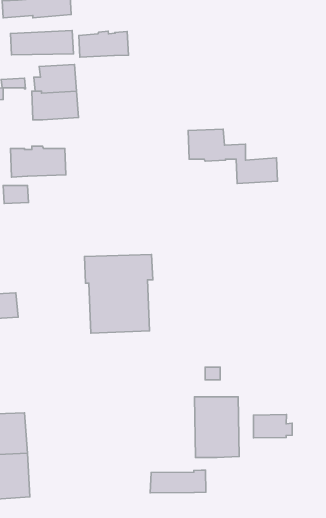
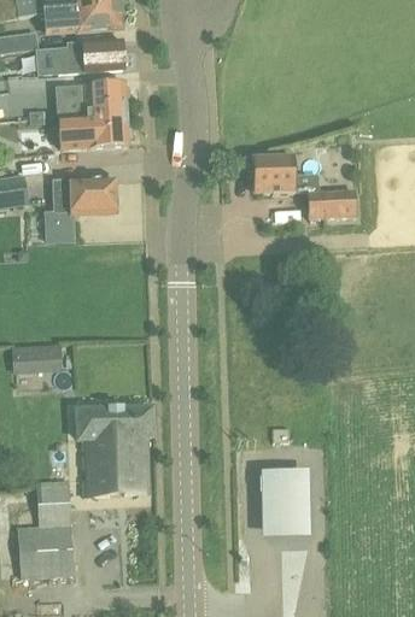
building: [79,31,128,57] -> none
building: [85,254,153,333] -> [76,407,153,496]
building: [254,415,292,438] -> none
building: [150,470,206,493] -> none

